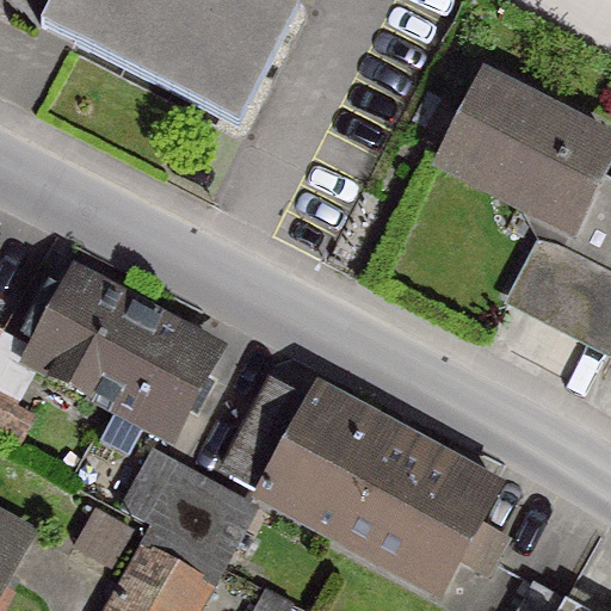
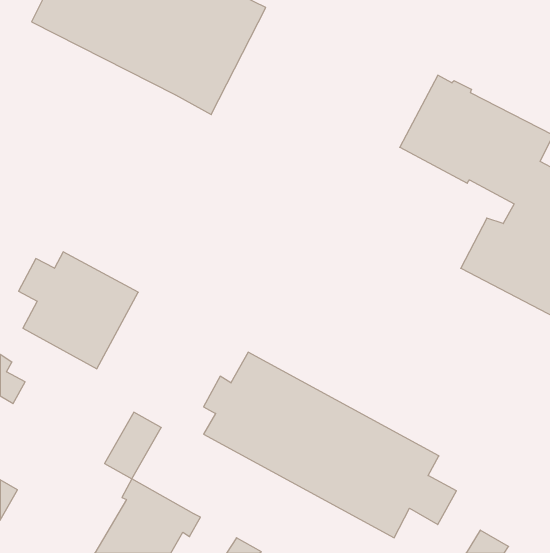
building: [113,320,216,434] -> none
building: [152,468,251,562] -> none

